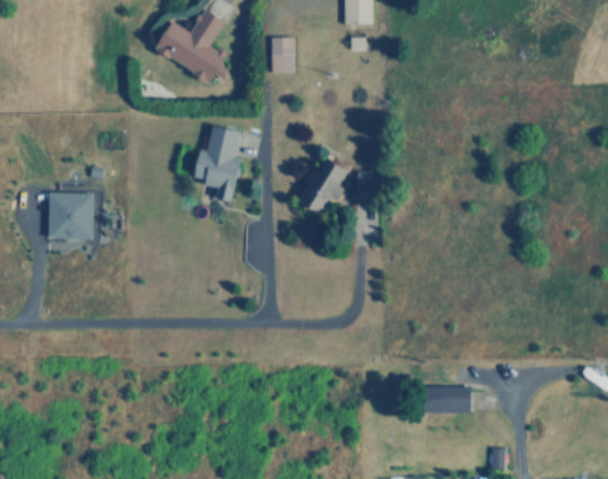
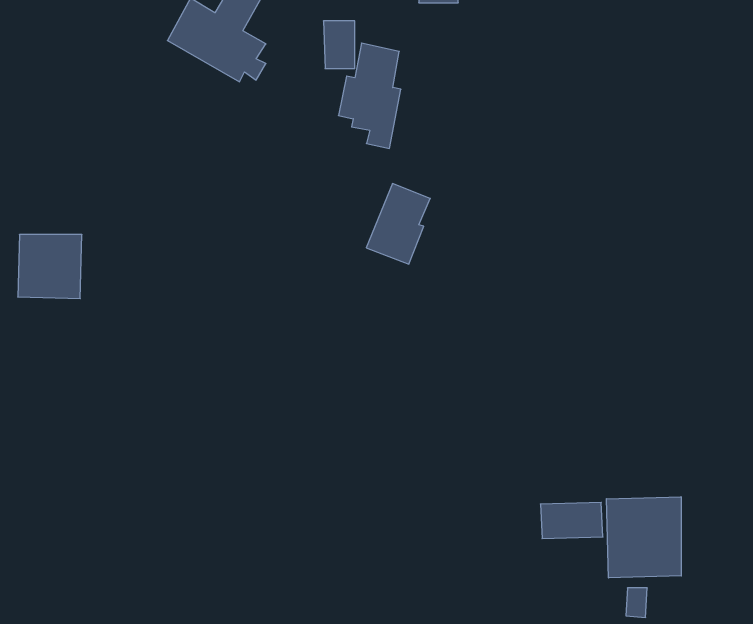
building: [197,125,242,201] -> [338,43,401,148]
building: none -> [606,497,681,578]

